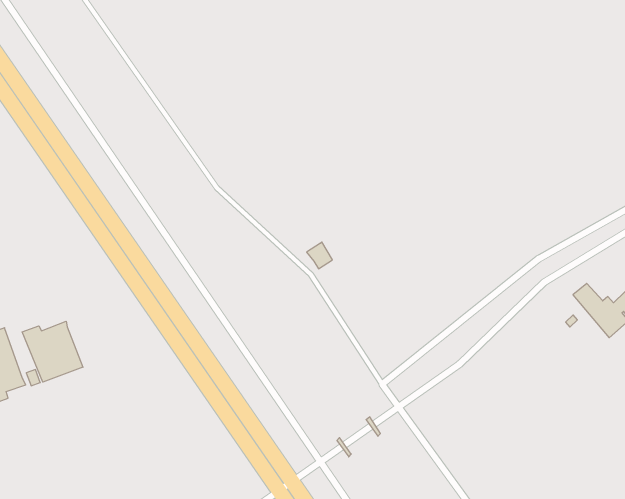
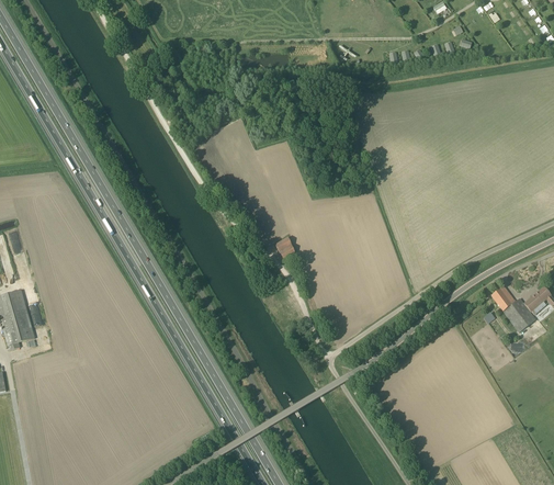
building: [22,321,83,382] -> none

